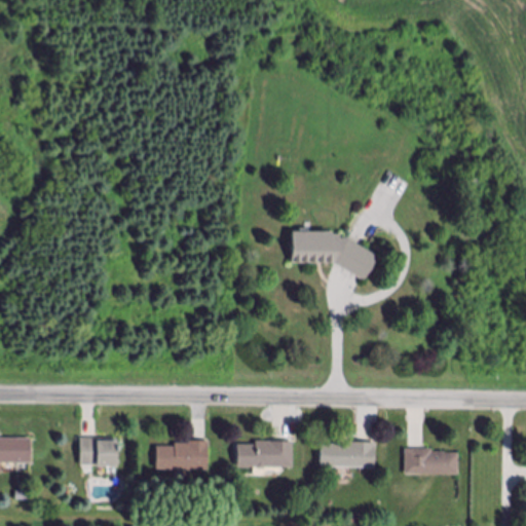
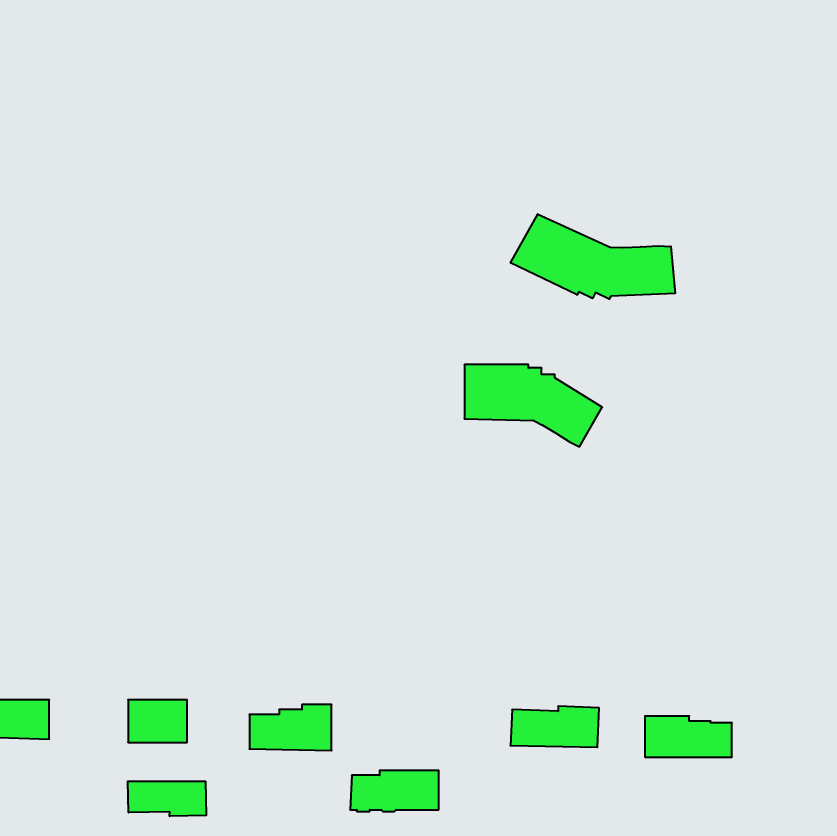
building: none -> [511,214,675,299]
building: [236,442,292,467] -> [350,770,439,811]
building: none -> [128,781,206,816]

